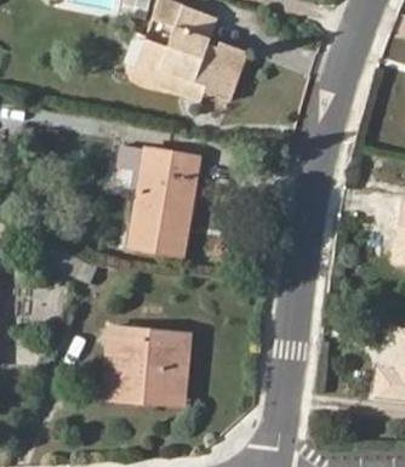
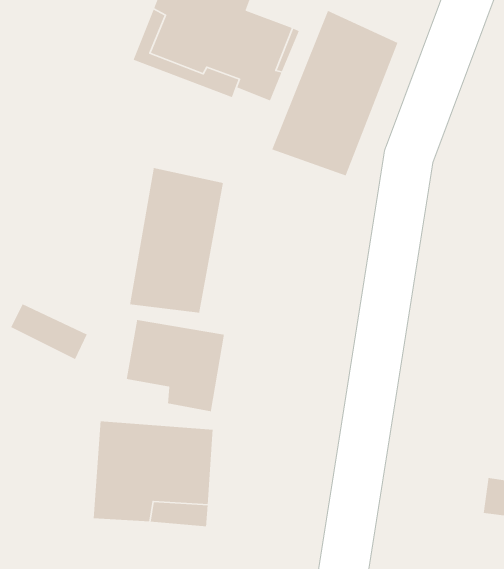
building: none -> [271,10,398,176]
building: none -> [126,319,225,412]

